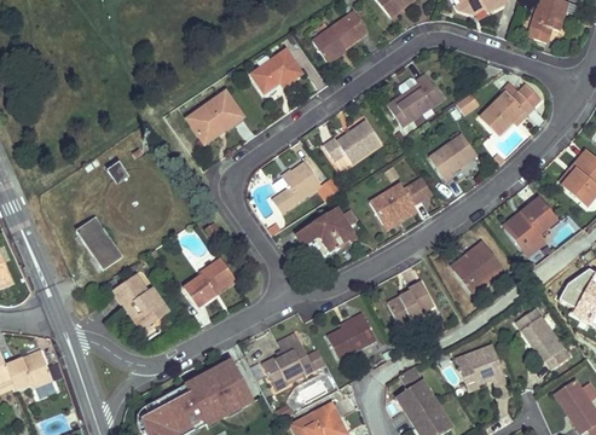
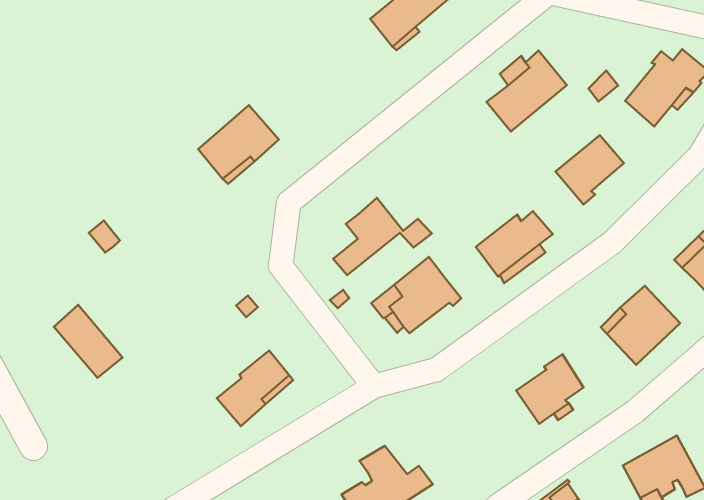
building: [251,51,301,92] -> none
building: [323,120,381,162] -> none
building: [111,276,164,325] -> none
building: [325,312,376,358] -> none

